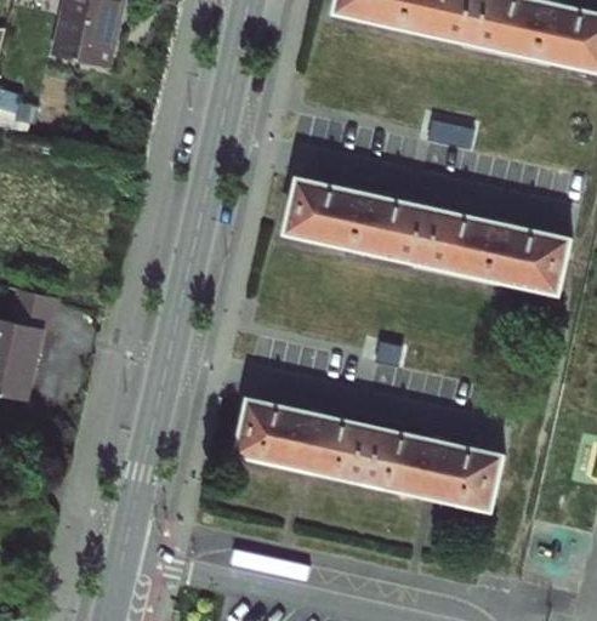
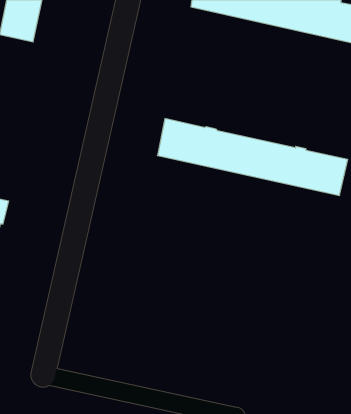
building: [237,399,498,507] -> none

